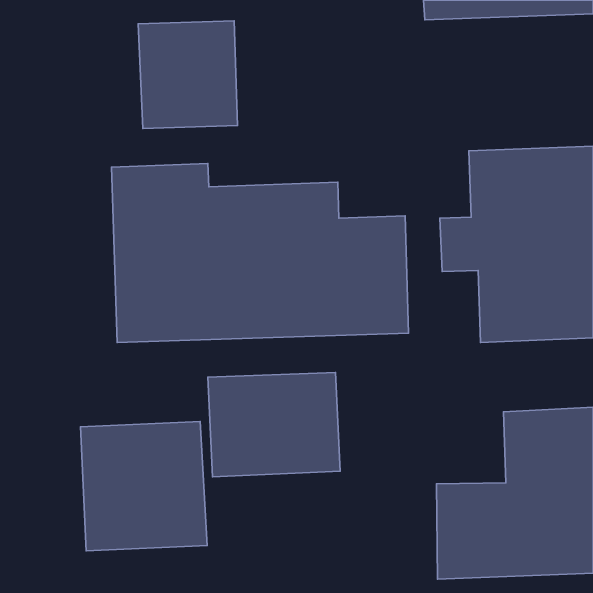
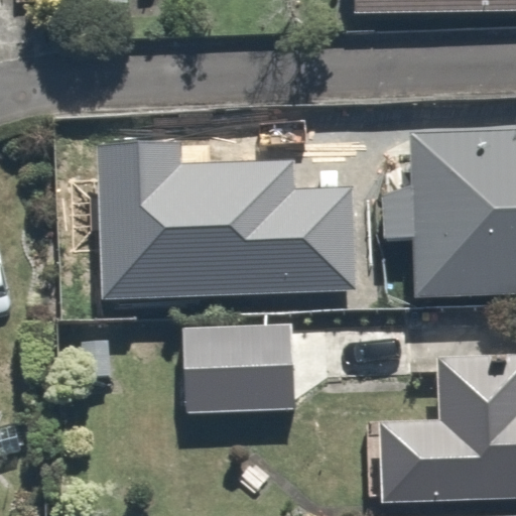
building: [138,21,238,128] -> none
building: [81,422,207,551] -> none

